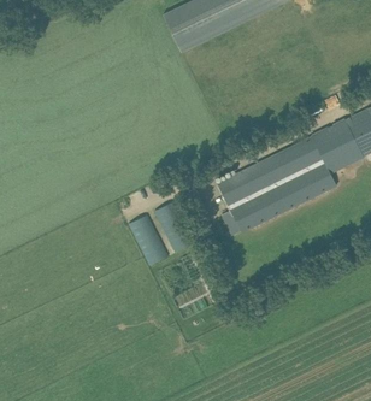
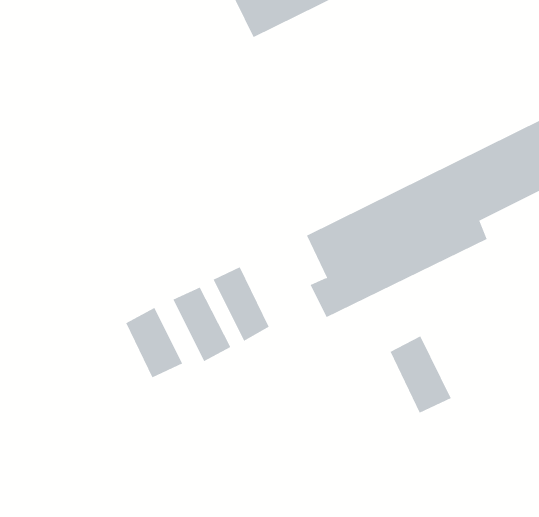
building: none -> [125,307,183,378]
building: none -> [390,336,452,413]

